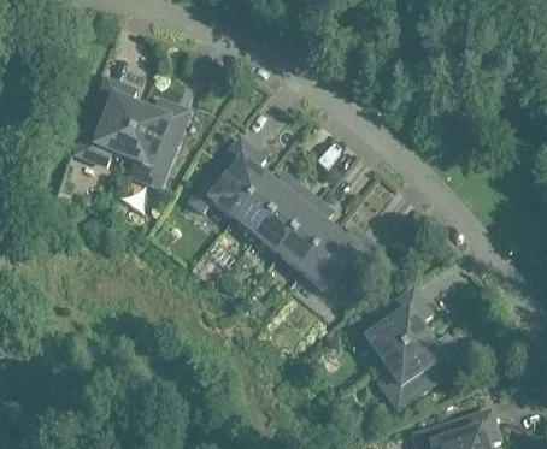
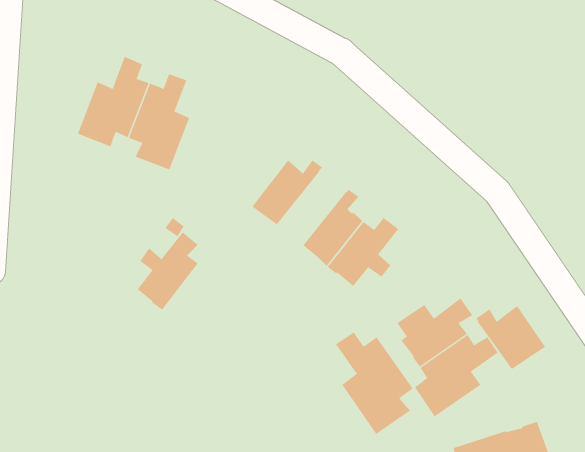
building: [211,147,266,218] -> [137,231,199,311]
building: [257,187,318,253] -> none
building: none -> [475,305,546,370]
building: none -> [335,332,413,435]

